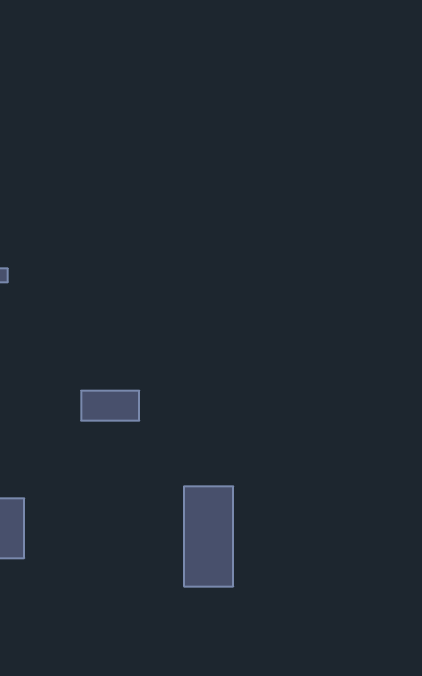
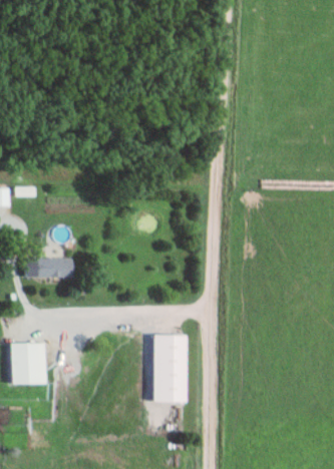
building: [81,391,139,421] -> [34,258,73,278]

